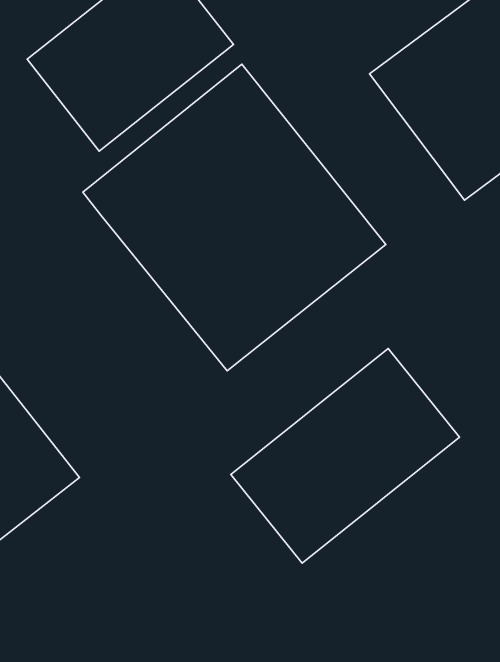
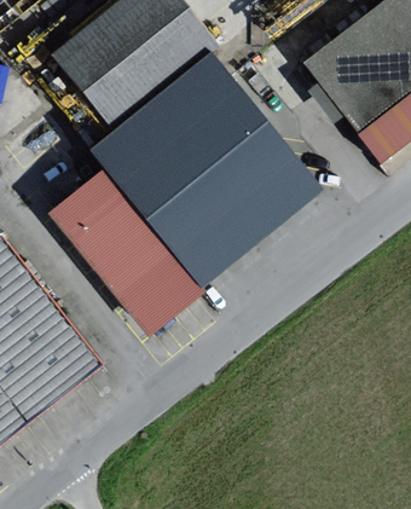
building: none -> [54,168,207,332]
building: [231,348,460,563] -> none

